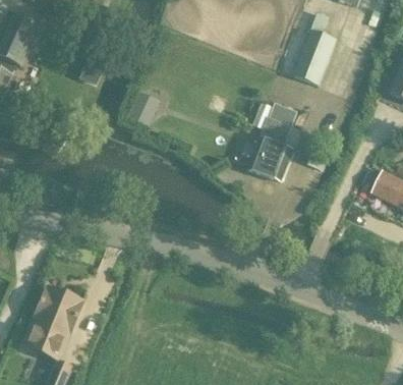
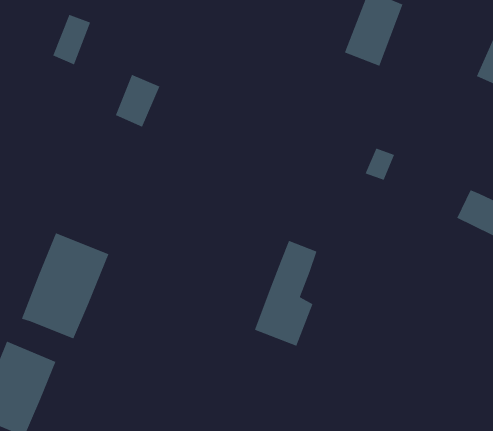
building: [249,103,296,181] -> [254,240,318,347]
building: none -> [21,232,110,340]

